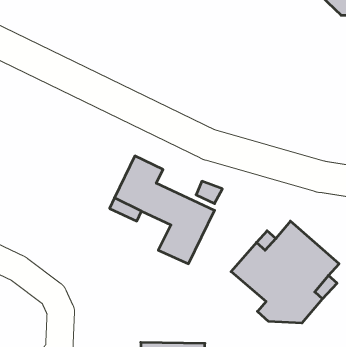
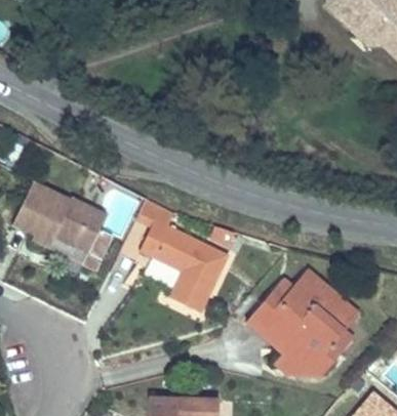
building: none -> [11,179,112,268]

